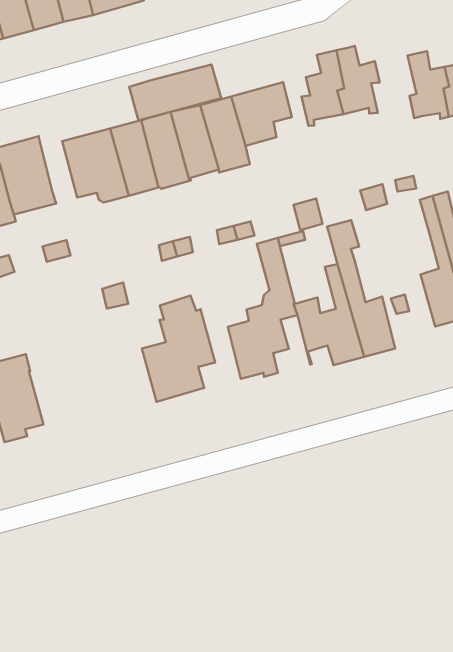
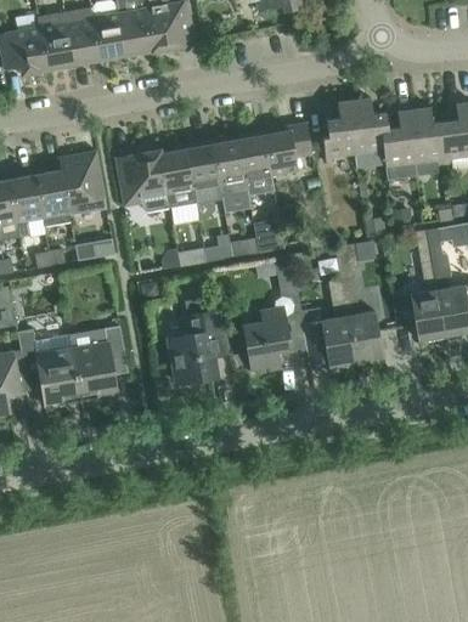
building: none -> [382,109,419,180]
building: [129,64,221,121] -> none
building: none -> [72,326,126,397]

